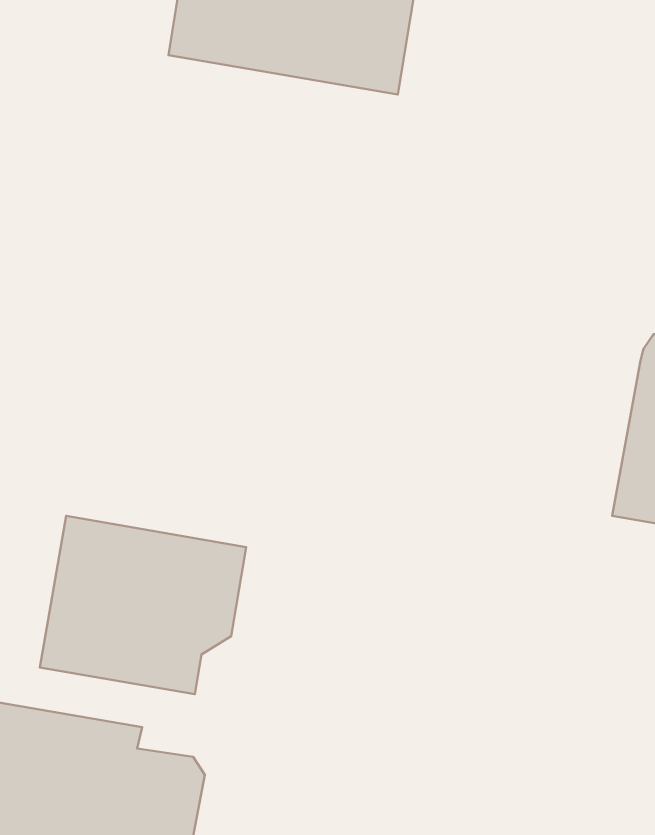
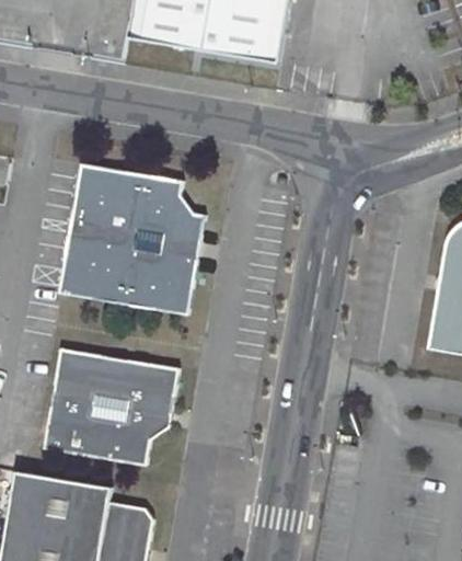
building: none -> [60,163,207,316]

